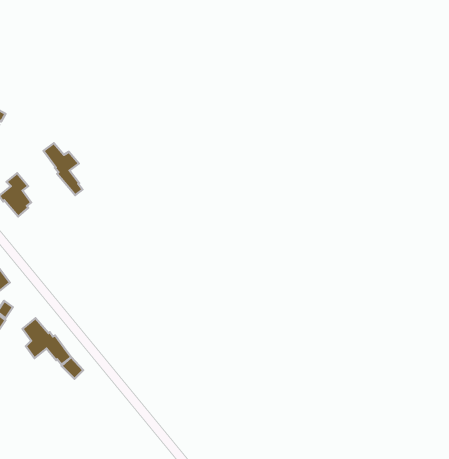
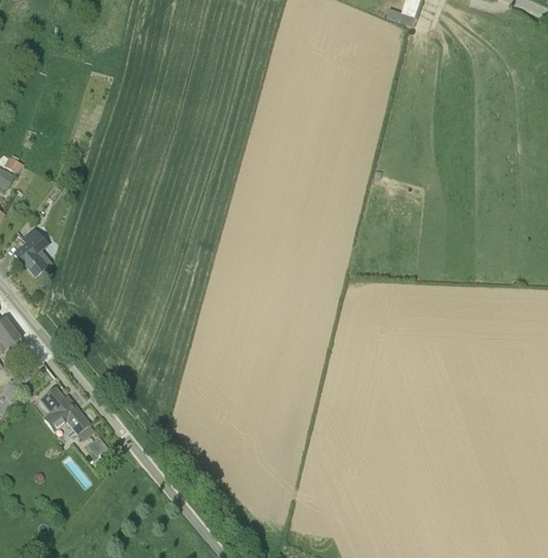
building: [43,143,83,195] -> none

